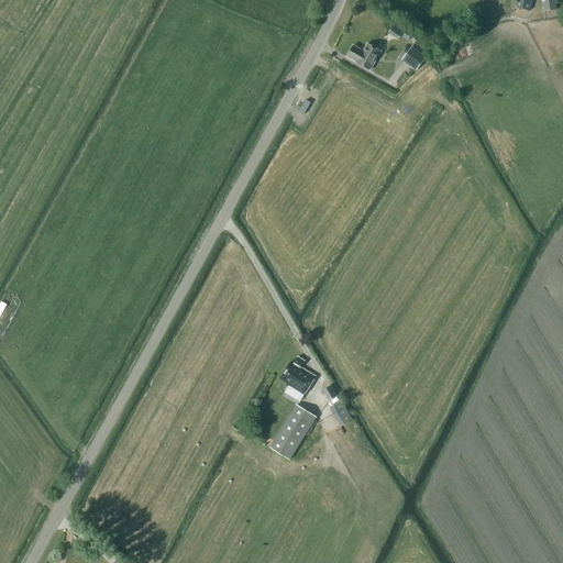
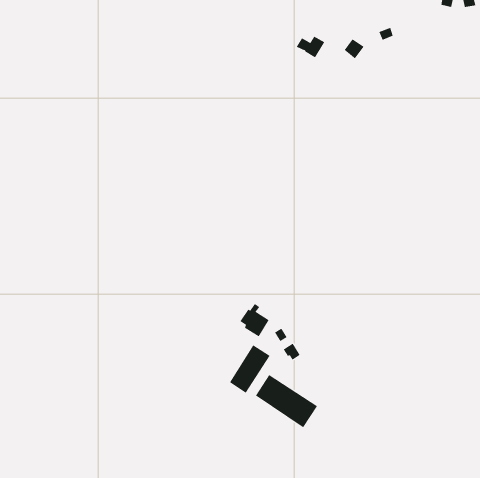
building: none -> [255,374,318,428]

